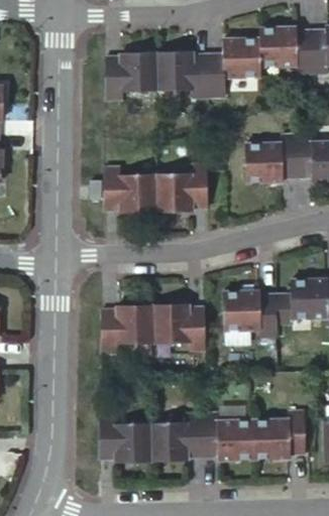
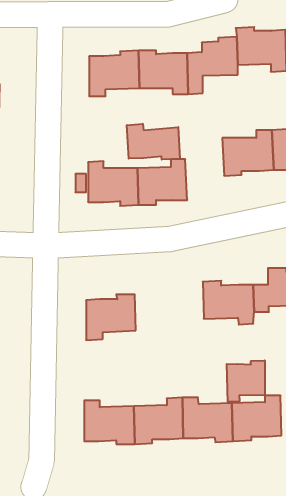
building: none -> [127,124,180,160]
building: [148,304,201,350] -> none
building: none -> [227,360,265,402]

